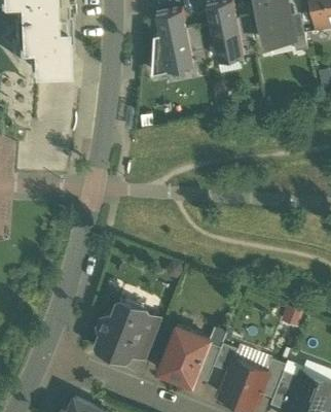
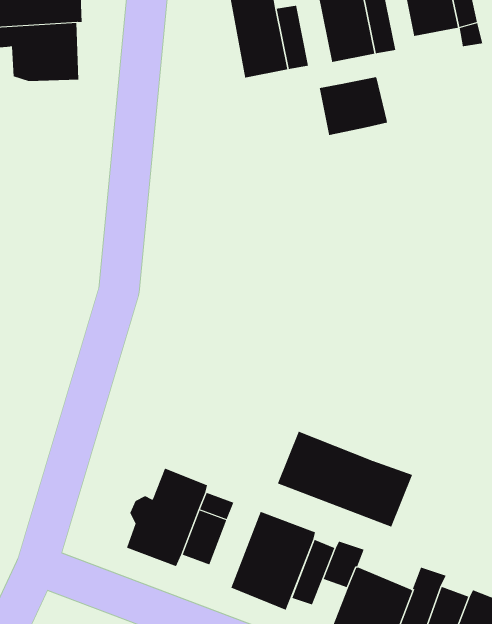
building: none -> [319,76,387,136]
building: none -> [277,431,413,527]

